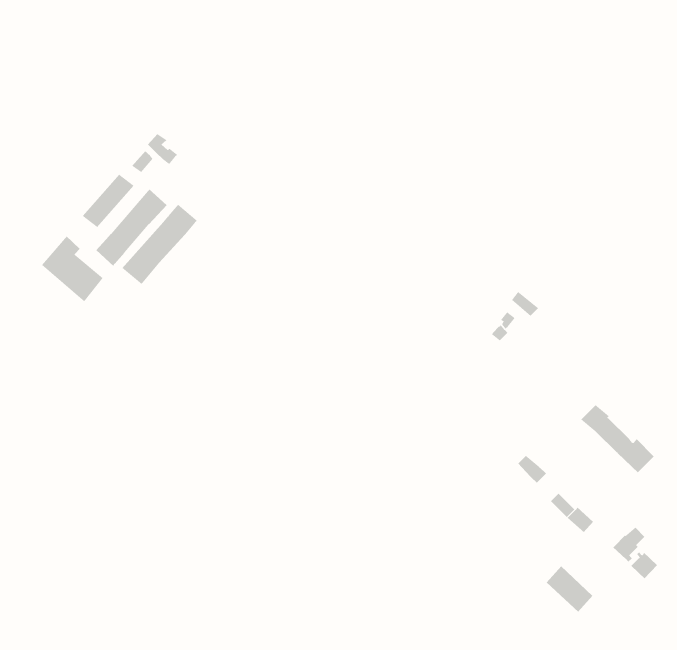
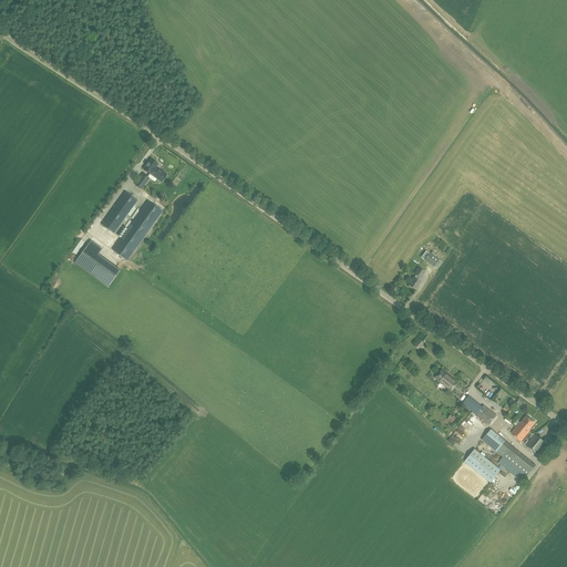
building: [122,204,198,285] -> none
building: [581,404,654,473] -> [481,429,537,476]

